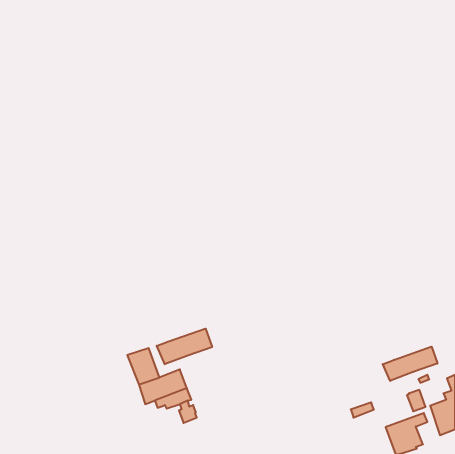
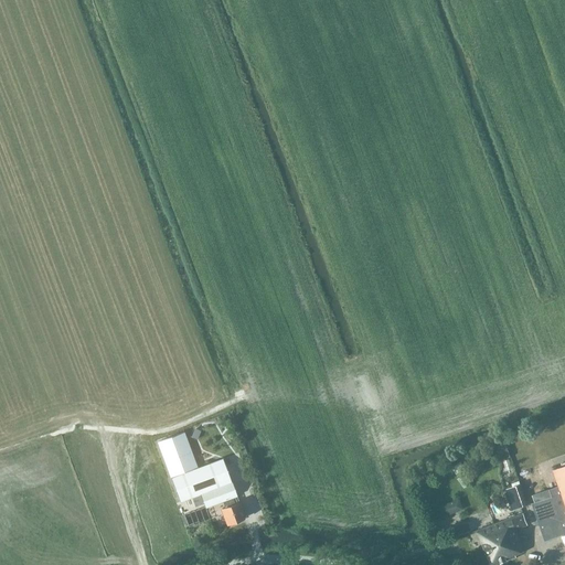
building: [157,329,212,364] -> none
building: [383,347,437,381] -> none

